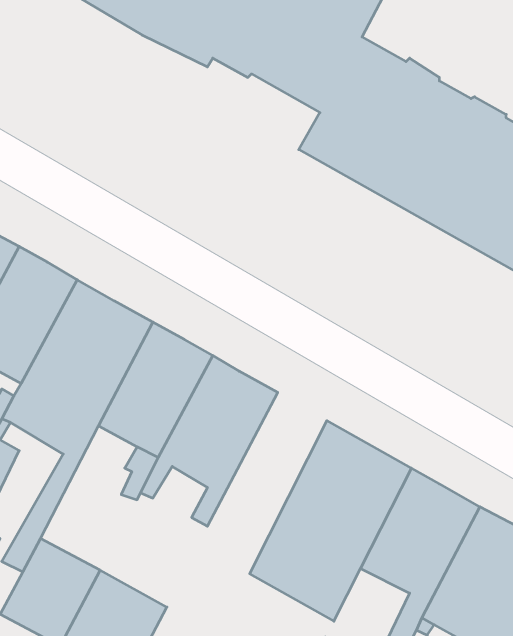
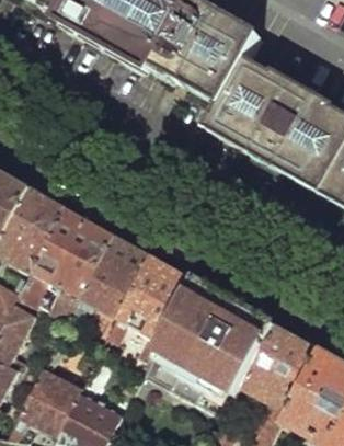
building: none -> [141,277,221,390]

